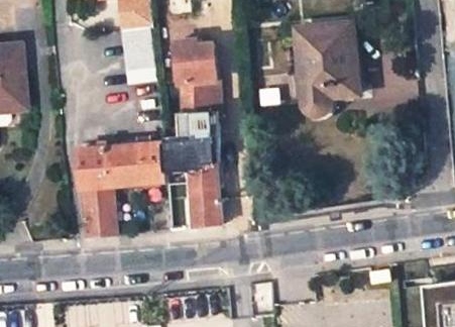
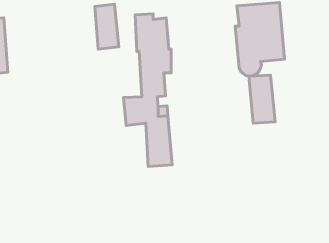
building: none -> [249,75,275,123]
building: [79,142,165,237] -> none

